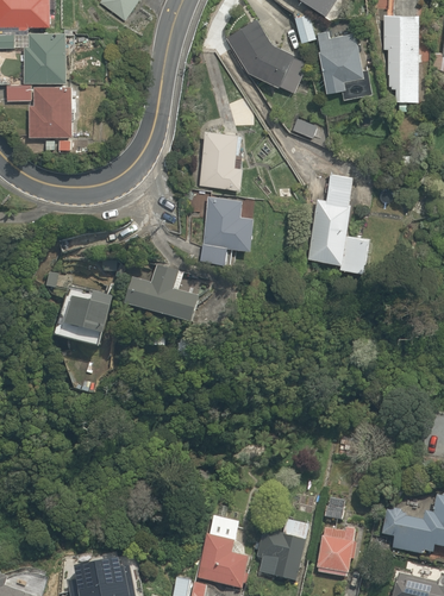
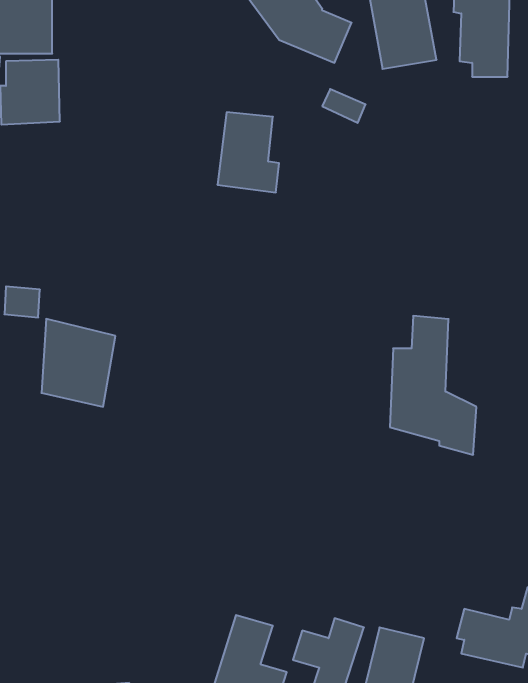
building: [308,172,375,280] -> [390,316,476,455]
building: [205,195,262,268] -> none
building: [124,269,212,333] -> none

